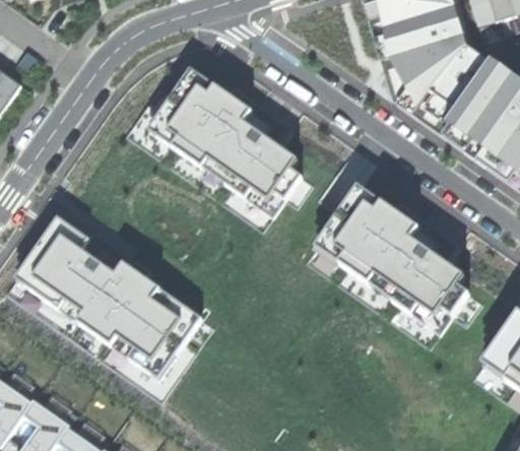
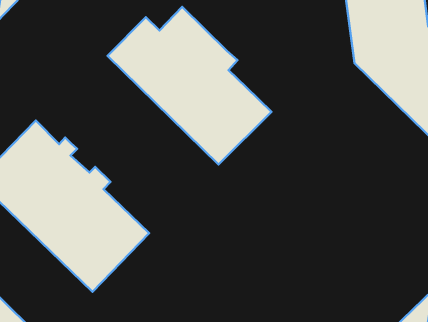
building: [313,188,480,349] -> none

